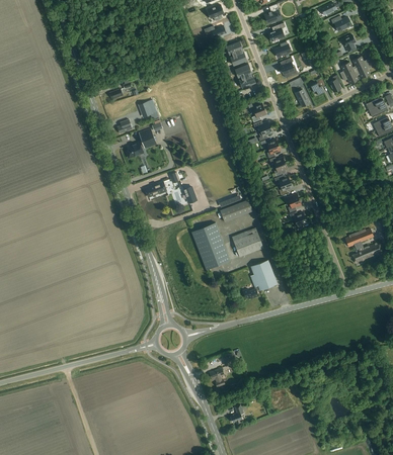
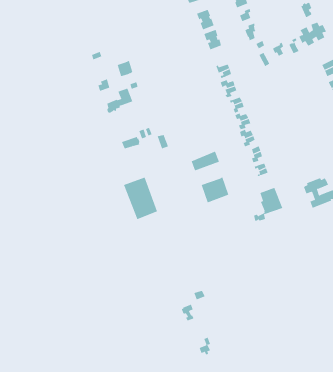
building: [191,222,230,270] -> [123,177,158,220]
building: [243,260,277,298] -> [253,187,283,222]

